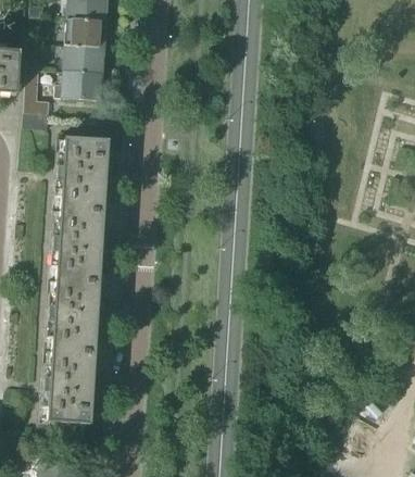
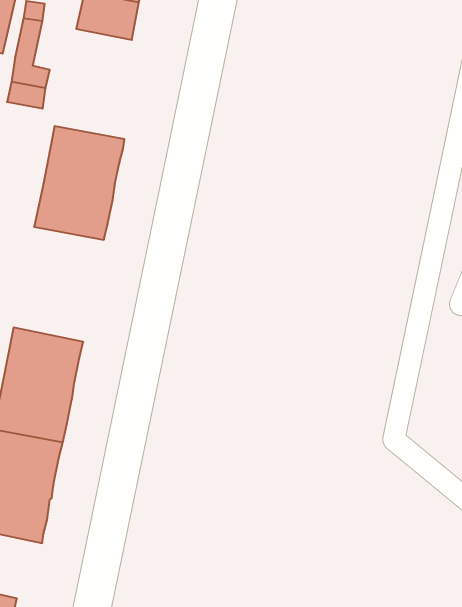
building: [56,68,104,98] -> none
building: [51,208,104,281] -> none

